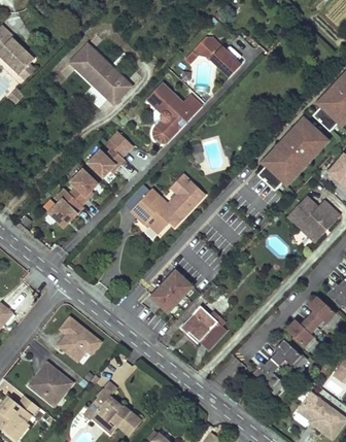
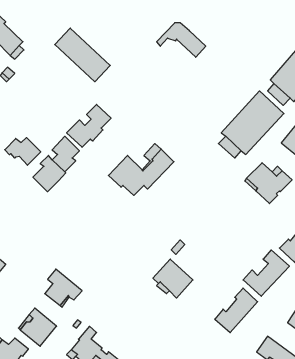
building: [147,82,202,142] -> none
building: none -> [5,138,41,165]
building: [147,268,193,314] -> none

